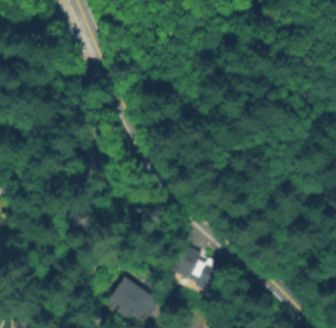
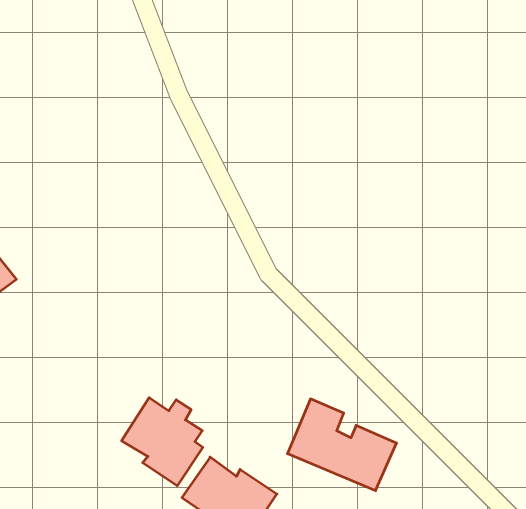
building: none -> [122,398,203,486]

